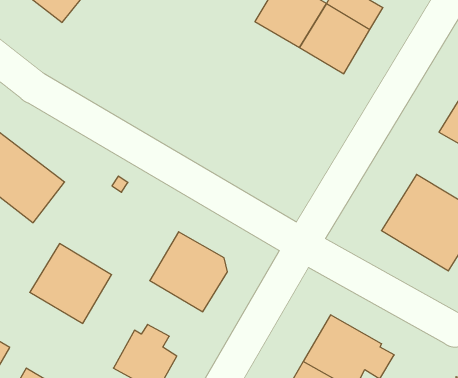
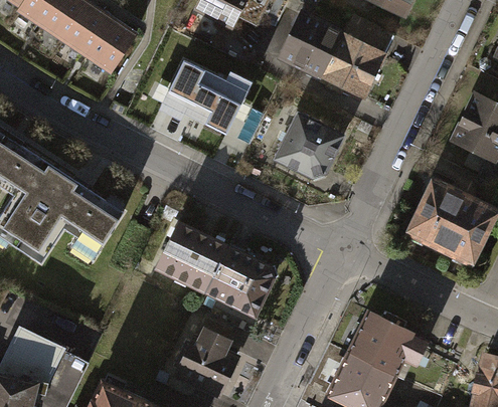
building: none -> [154,61,253,136]
building: none -> [275,114,343,176]
building: [30,244,112,323] -> [156,223,227,292]

